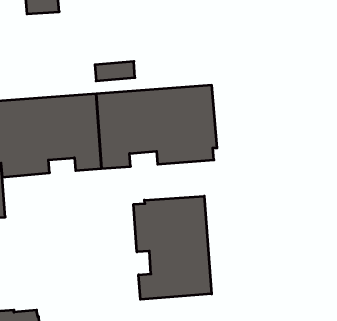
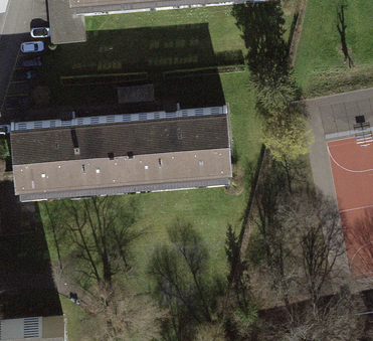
building: [134,196,212,299] -> none

